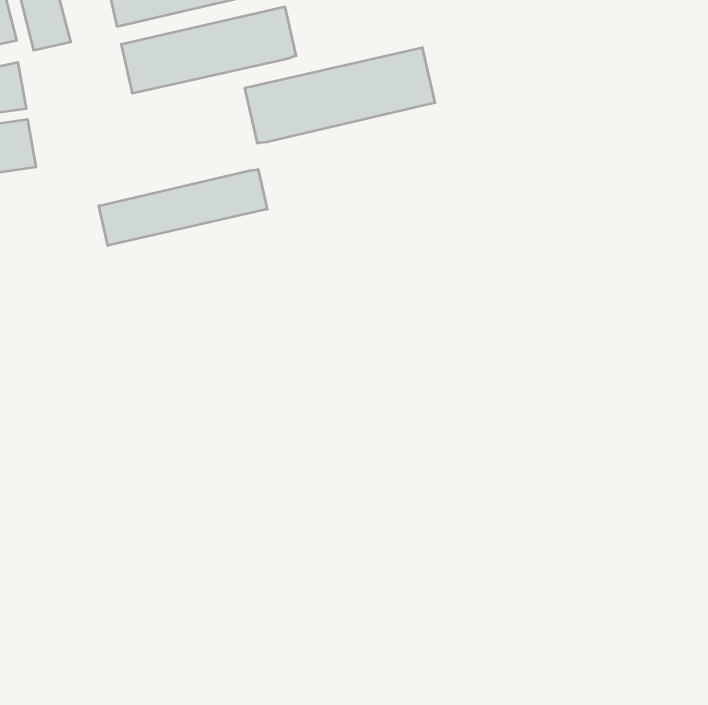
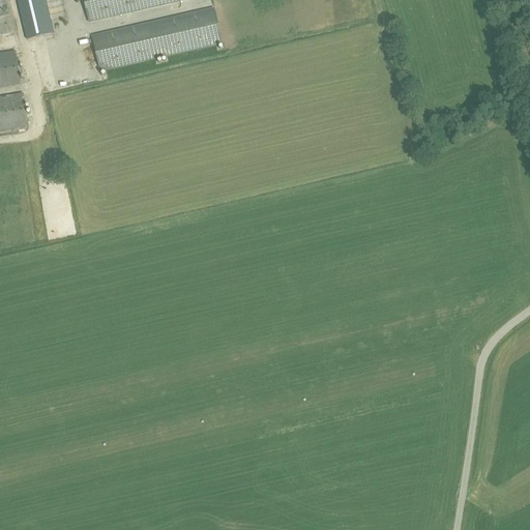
building: [245,47,435,143] -> none
building: [99,169,267,246] -> none

